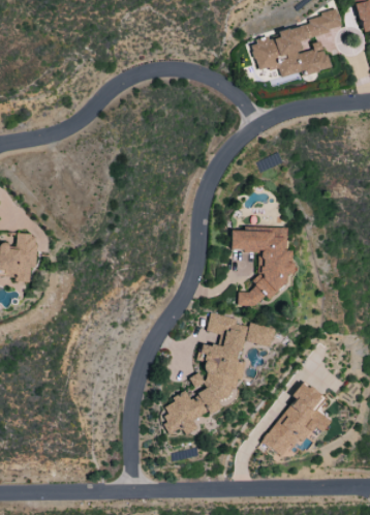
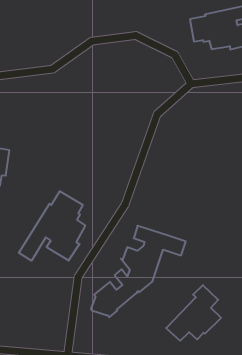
building: [232,228,291,306] -> none
building: none -> [19,191,85,261]

